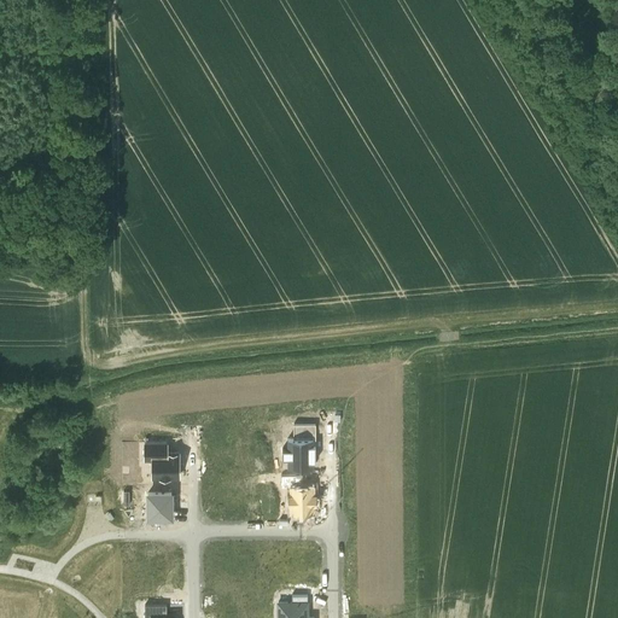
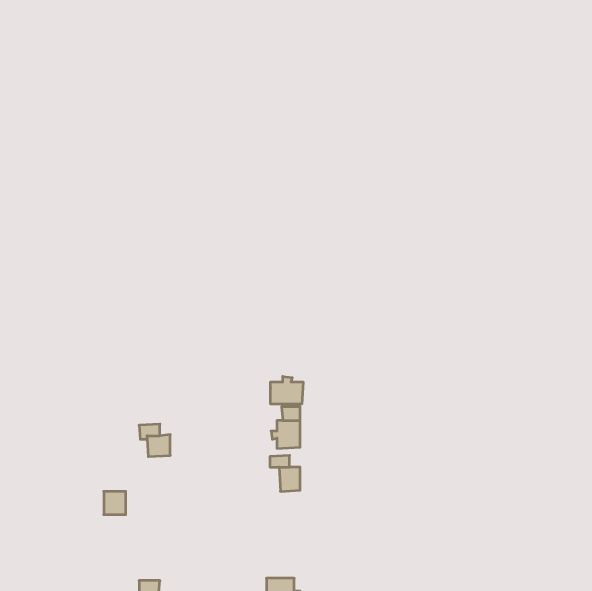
building: none -> [271,376,303,404]
building: [148,494,171,518] -> [104,491,126,515]

